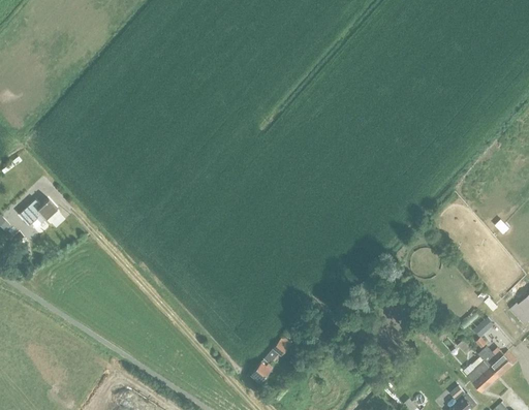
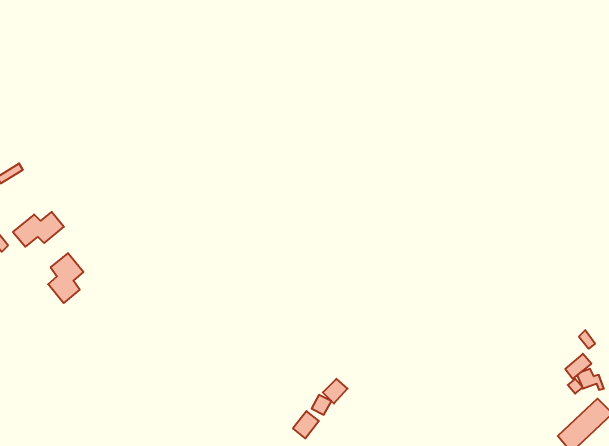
building: none -> [48,253,83,303]

